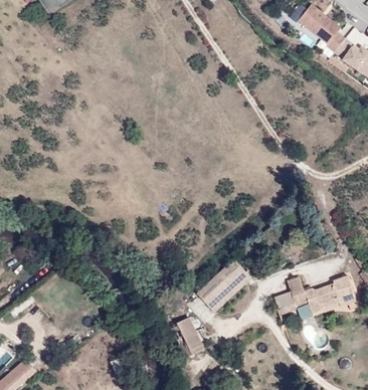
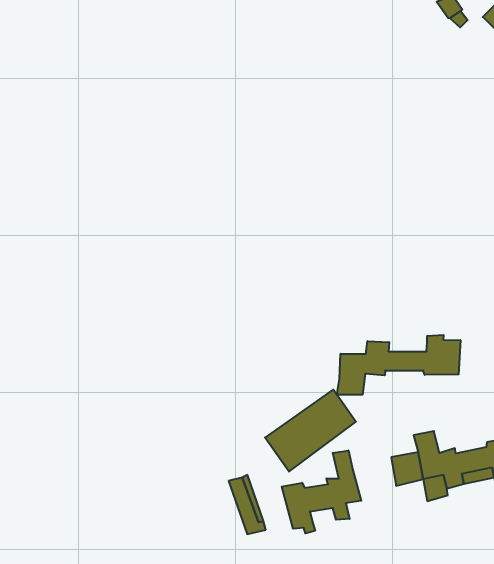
building: none -> [337,335,460,395]
building: none -> [282,450,361,533]

